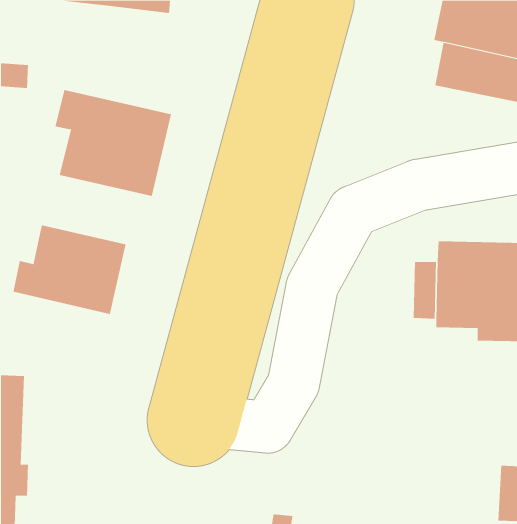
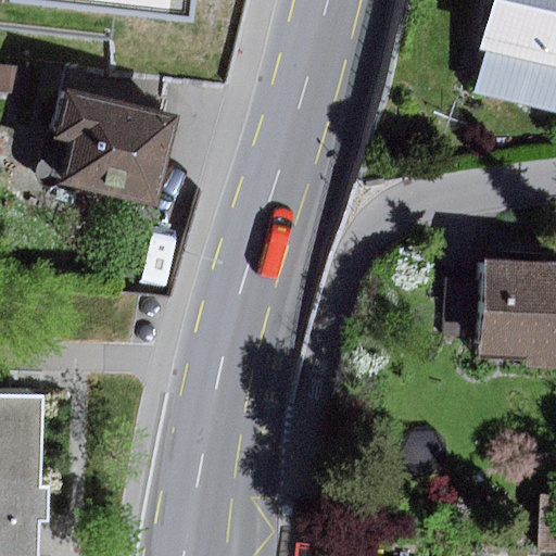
building: [13,224,126,315] -> none

